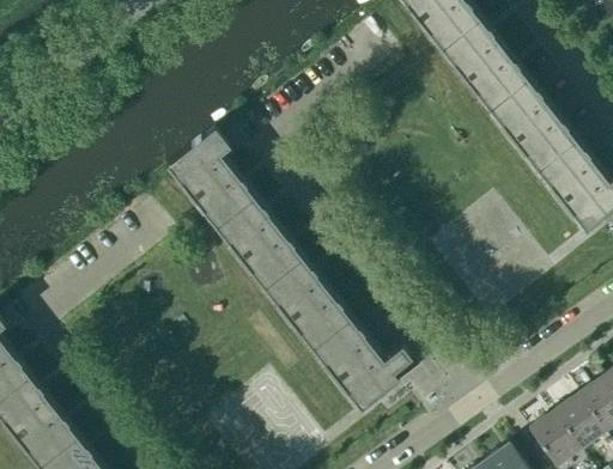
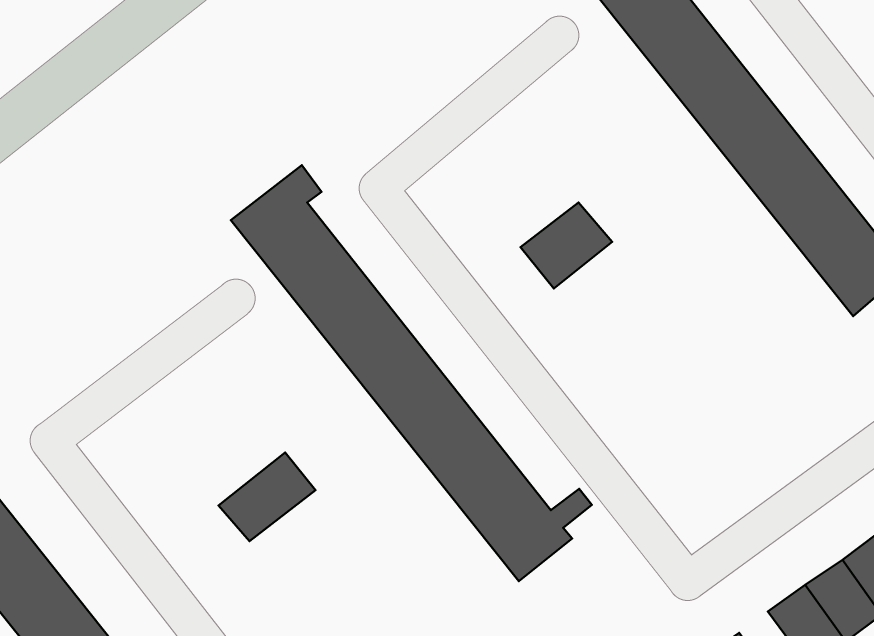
building: none -> [521,202,612,288]
building: none -> [219,452,315,541]

